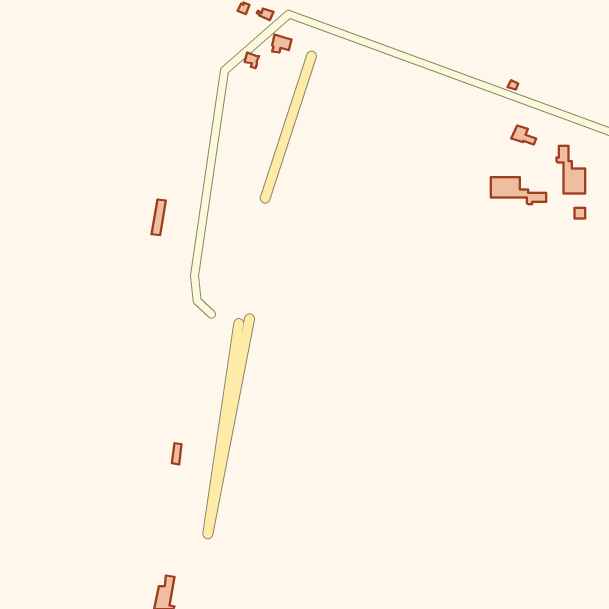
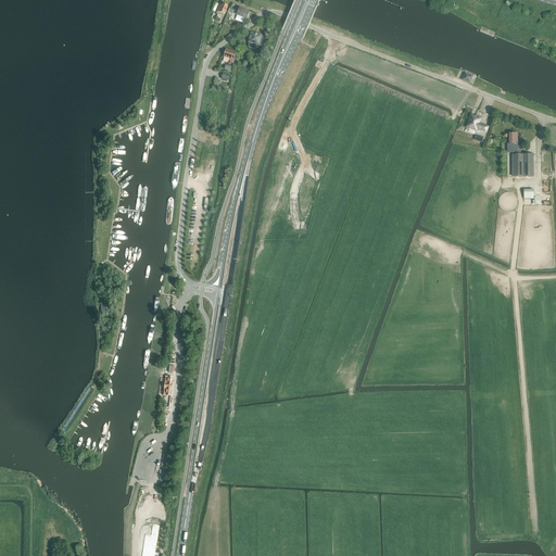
building: [491,177,546,204] -> none

